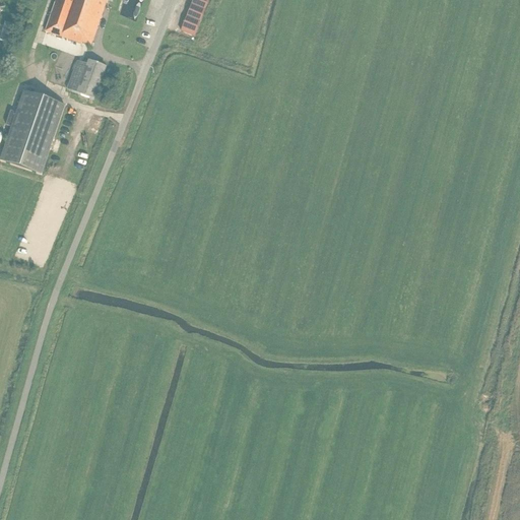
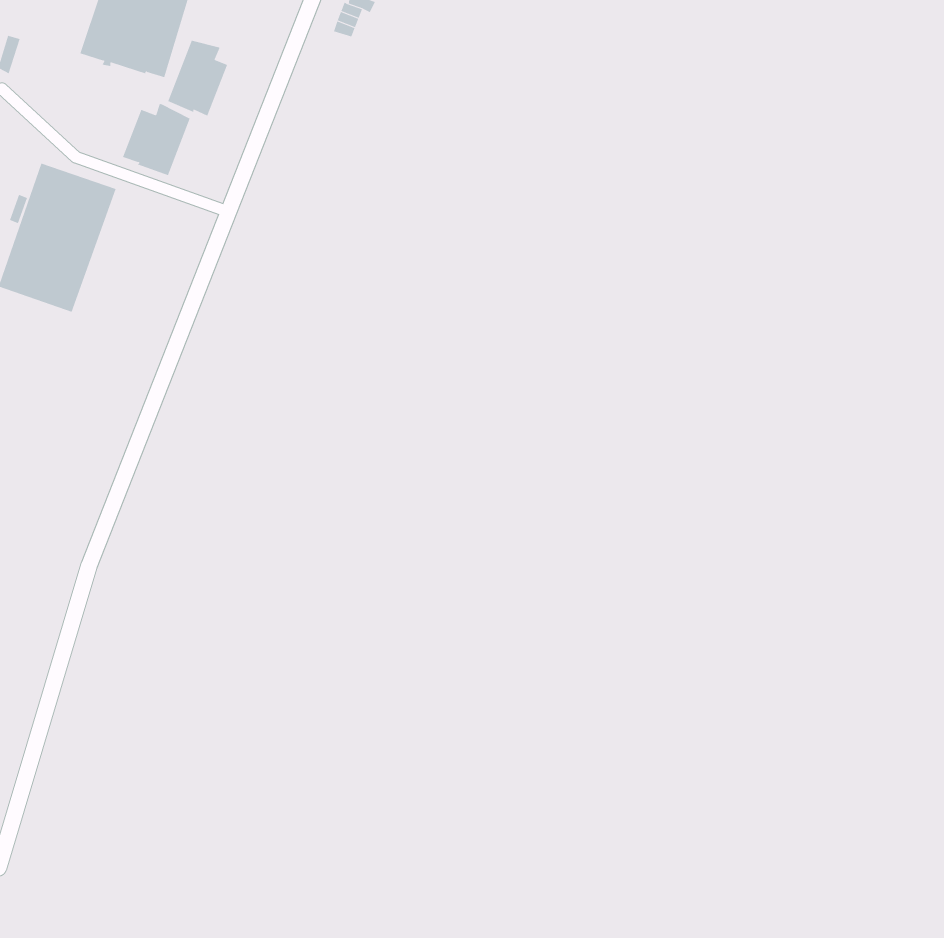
building: none -> [168,40,228,116]

